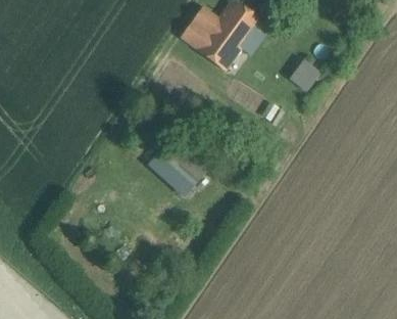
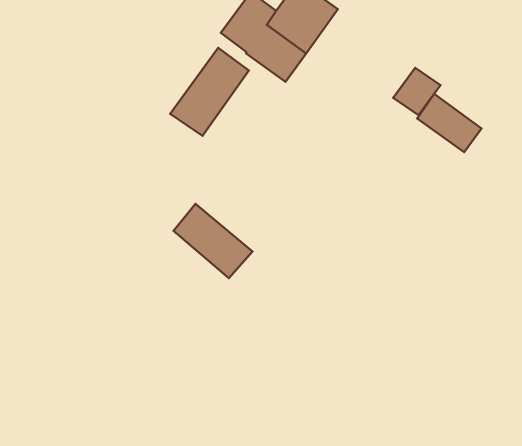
building: none -> [170,48,249,136]
building: none -> [417,94,481,152]

